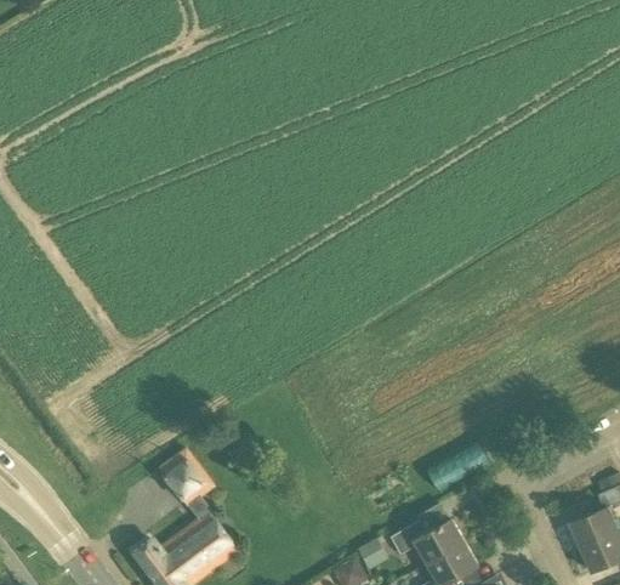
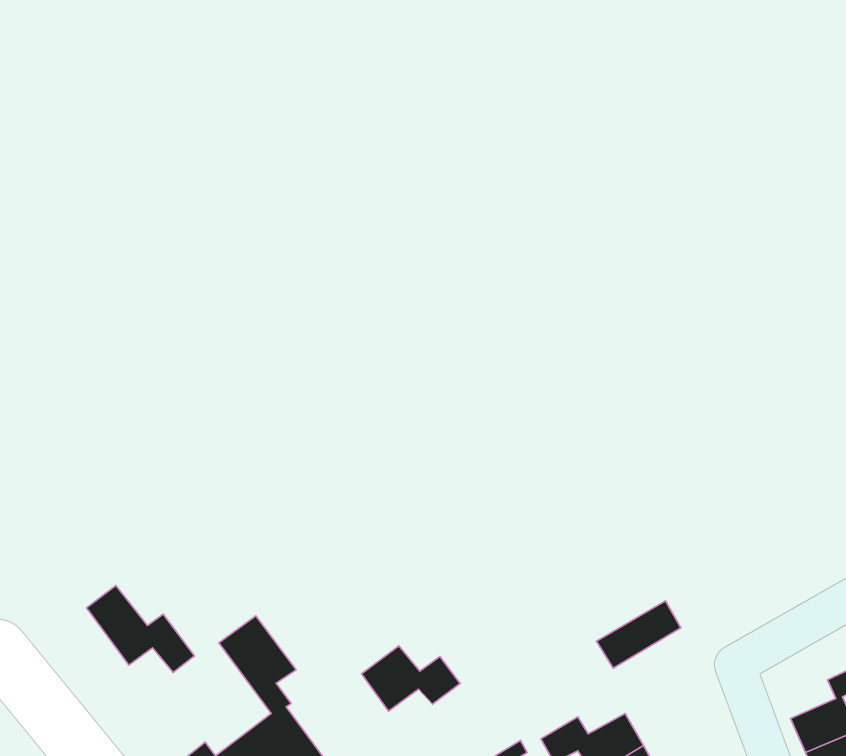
building: none -> [86,585,194,673]
building: none -> [361,646,460,711]

